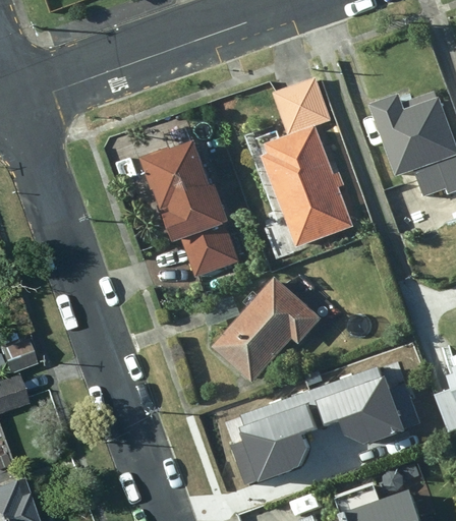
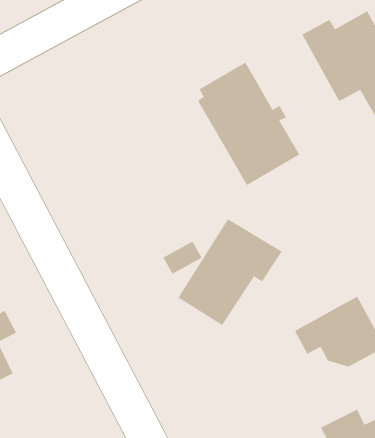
building: [272,77,329,133] -> none
building: [132,141,235,276] -> none
building: [234,402,320,483] -> none

